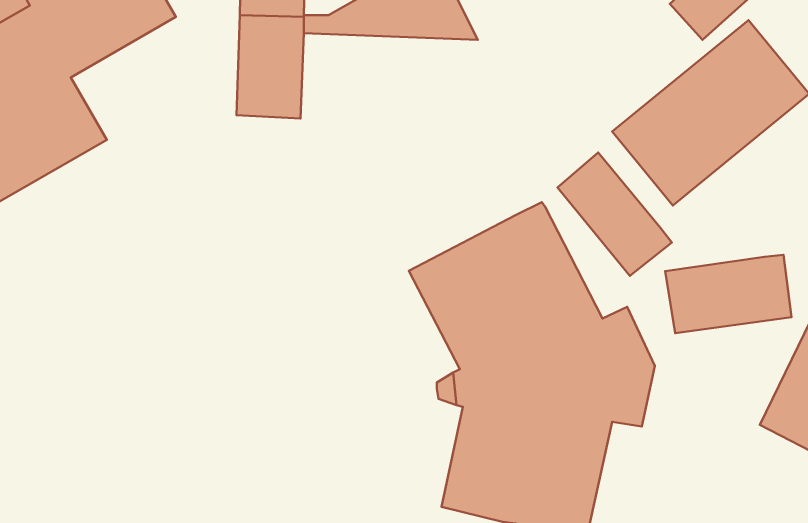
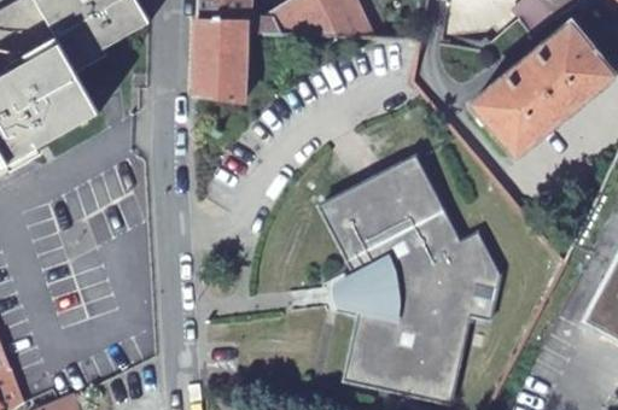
building: [557,153,672,276] -> none
building: [665,255,792,333] -> none

